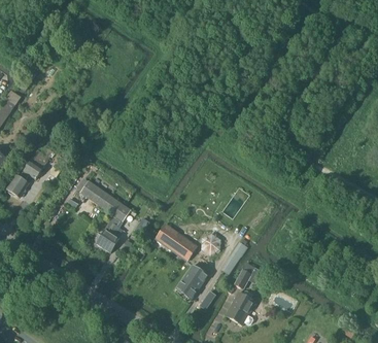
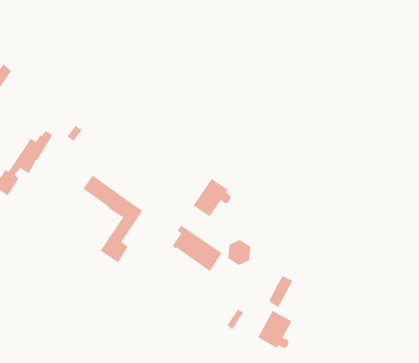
building: none -> [193,178,231,217]
building: [176,264,207,299] -> none

